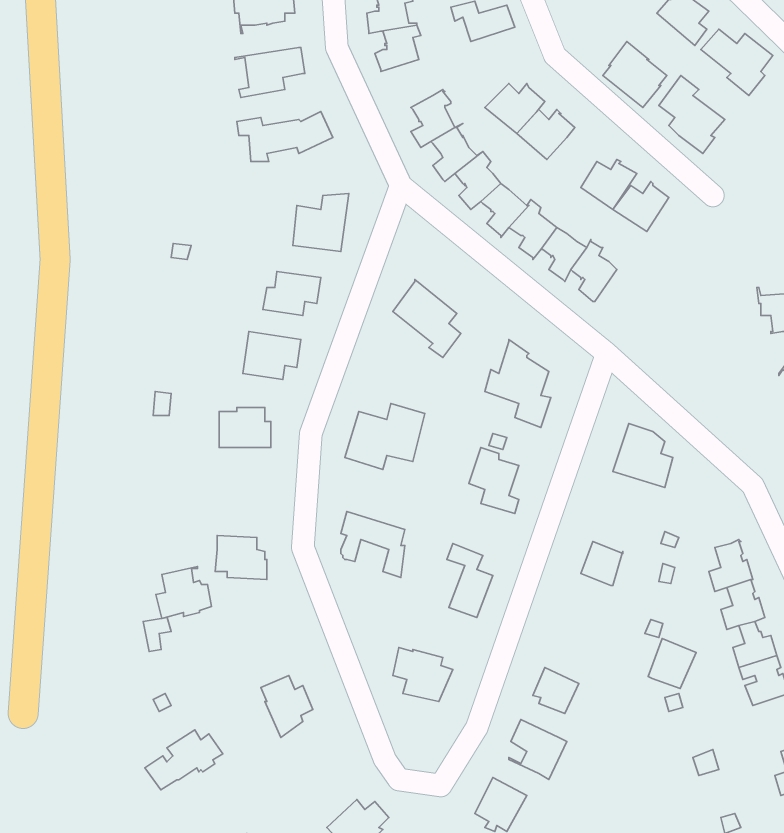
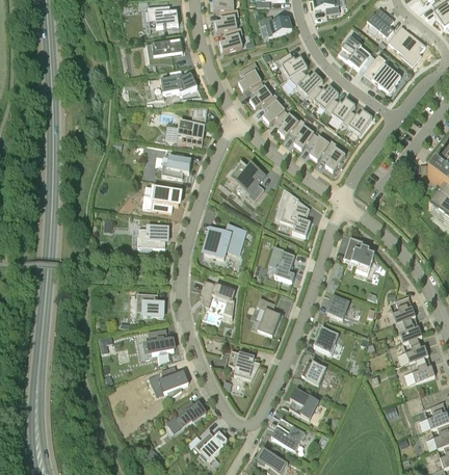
building: none -> [309,84,339,111]
building: [156,566,212,618] -> [144,327,174,354]
building: [648,638,696,688] -> [314,326,339,352]
building: [145,730,223,790] -> [165,399,206,430]

